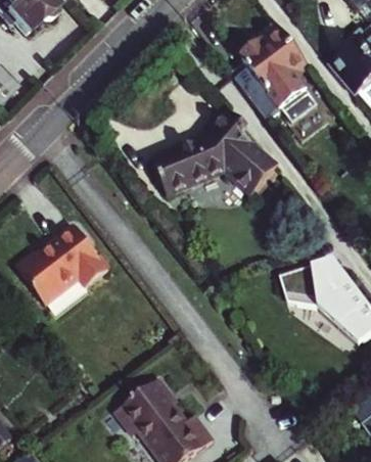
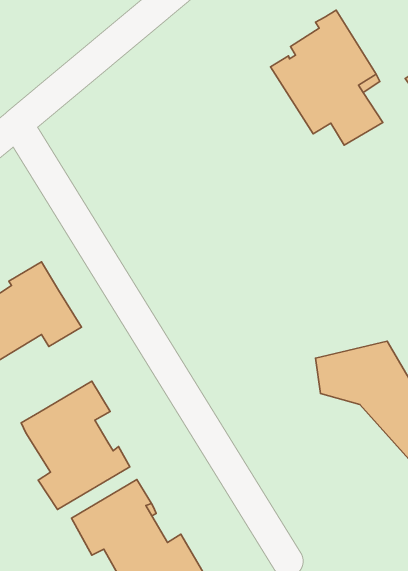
building: [155,110,277,194] -> none
building: none -> [21,381,130,510]

